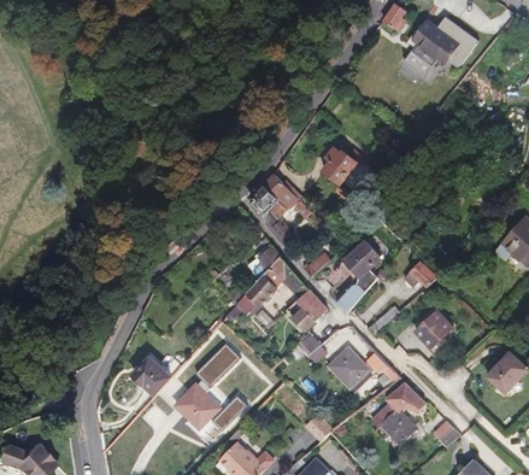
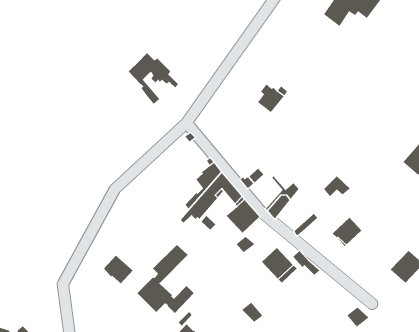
building: [249,172,312,238] -> [128,52,179,105]
building: [343,240,380,276] -> none
building: [371,381,425,442] -> none

